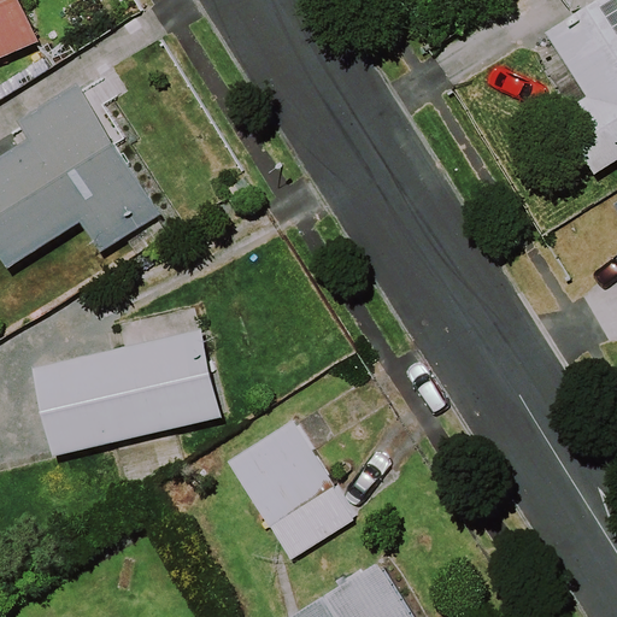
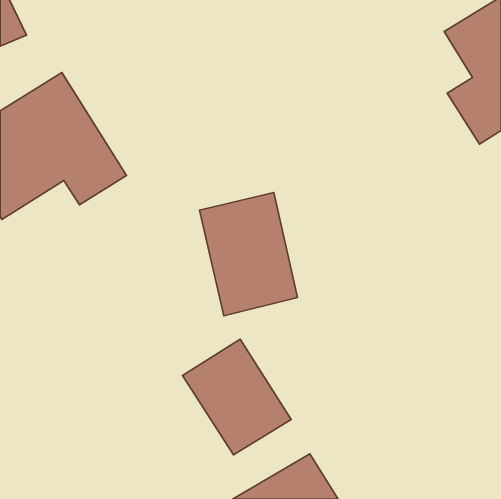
building: none -> [200,193,297,316]
building: [43,330,222,452] -> none

